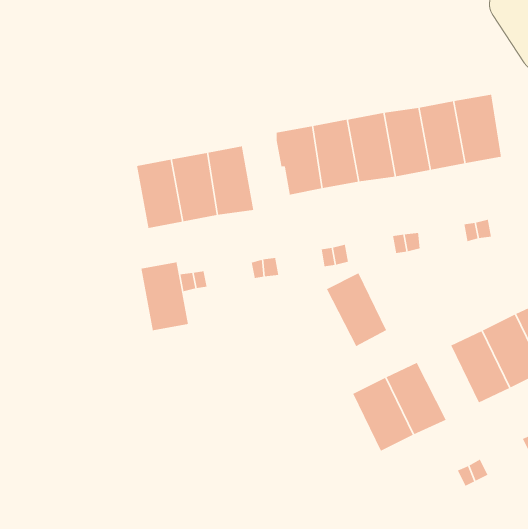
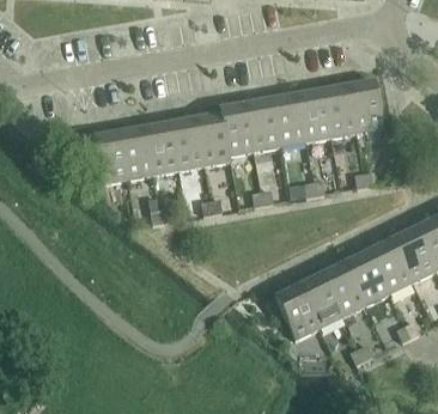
building: none -> [196,114,231,164]
building: [141,261,189,331] -> [93,132,128,182]
building: [326,272,387,347] -> [322,261,366,315]

